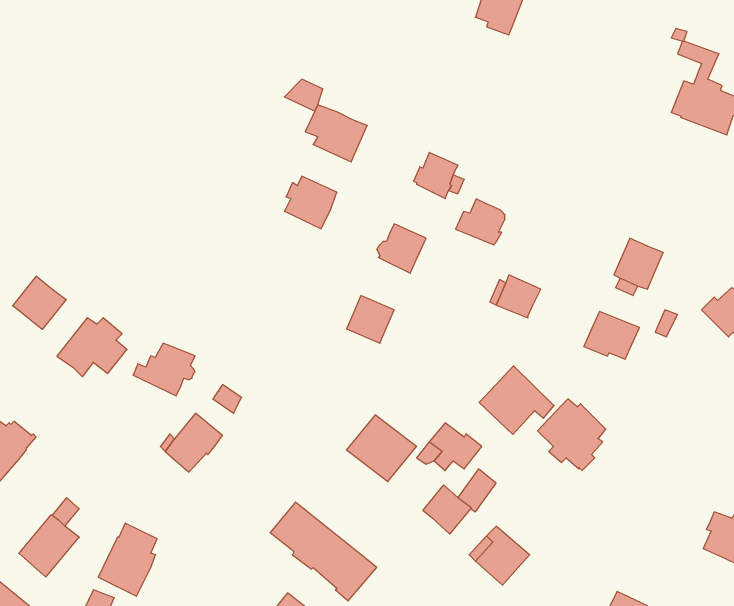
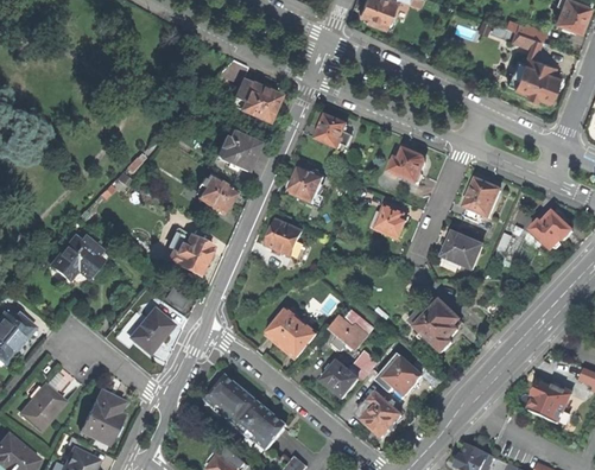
building: [456,199,505,245] -> [388,147,425,182]
building: none -> [197,174,235,214]
building: [13,276,66,329] -> none
building: [133,343,195,396] -> [166,236,213,275]
building: [479,366,554,434] -> none
building: none -> [374,354,420,395]

